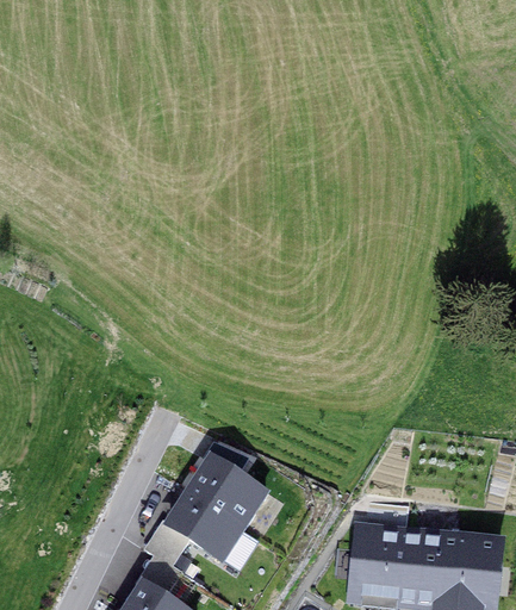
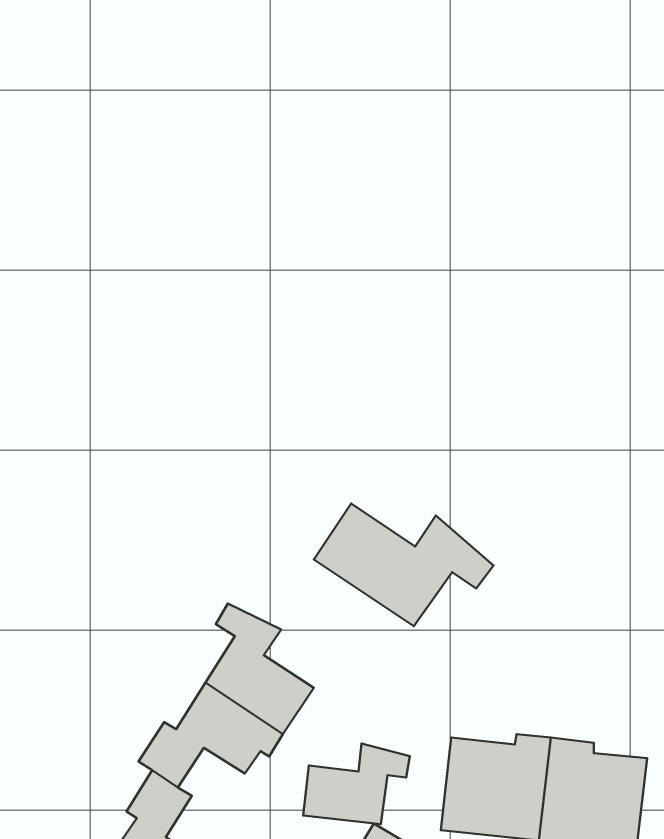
building: none -> [314,503,494,626]
building: none -> [303,744,410,824]

